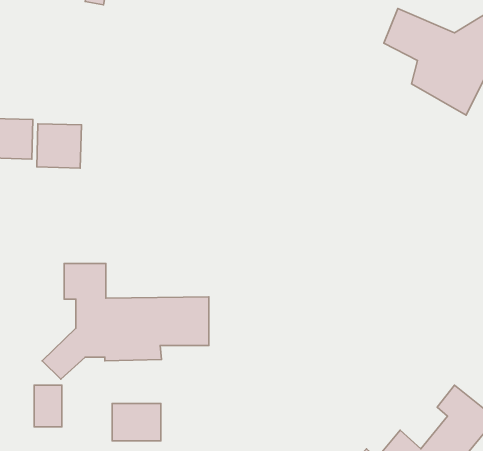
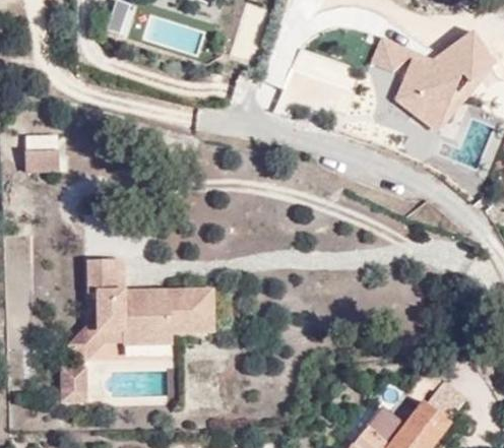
building: [37,124,81,168] -> none
building: [112,403,161,441] -> none

